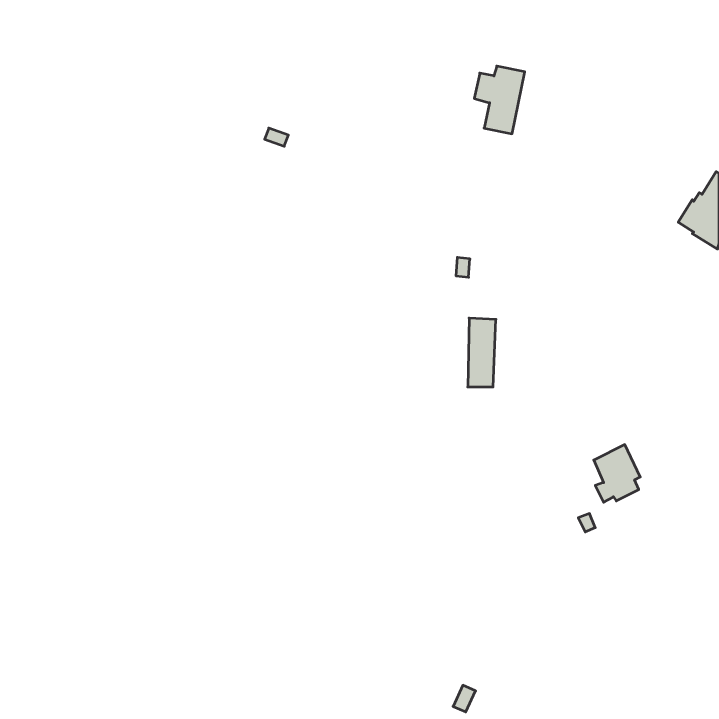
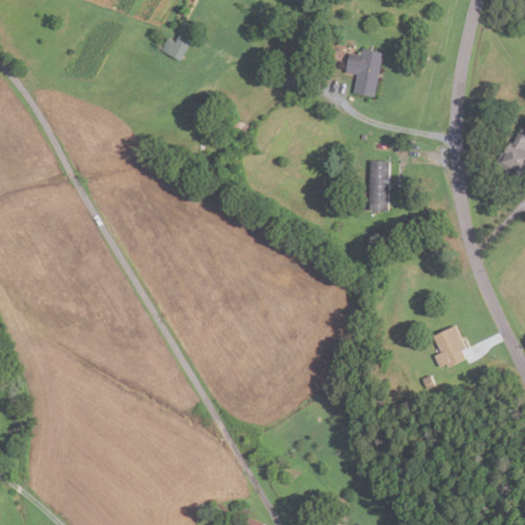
building: none -> [159,35,190,60]
building: [468,318,496,387] -> [369,159,390,209]

